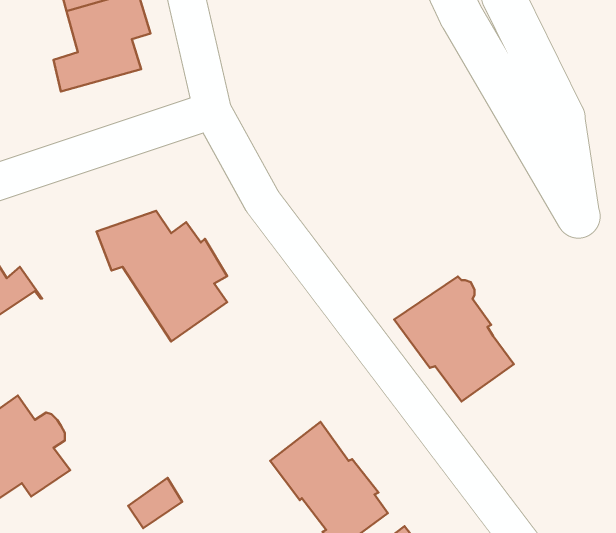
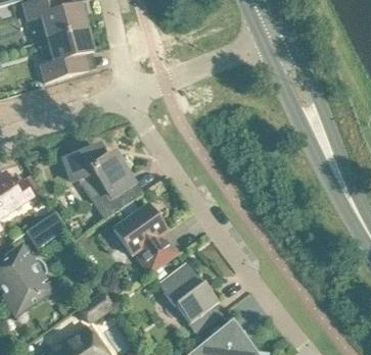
building: [394,276,514,402] -> [112,204,178,272]
building: none -> [25,210,65,247]

